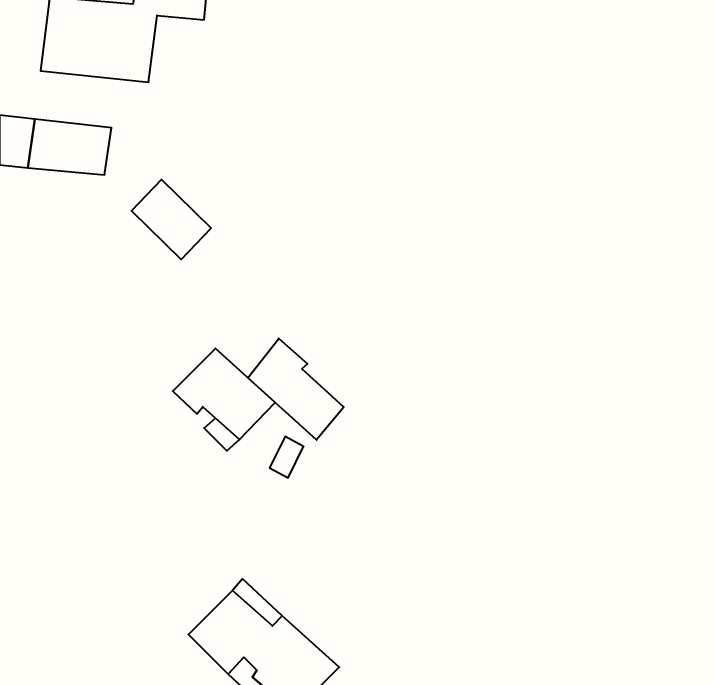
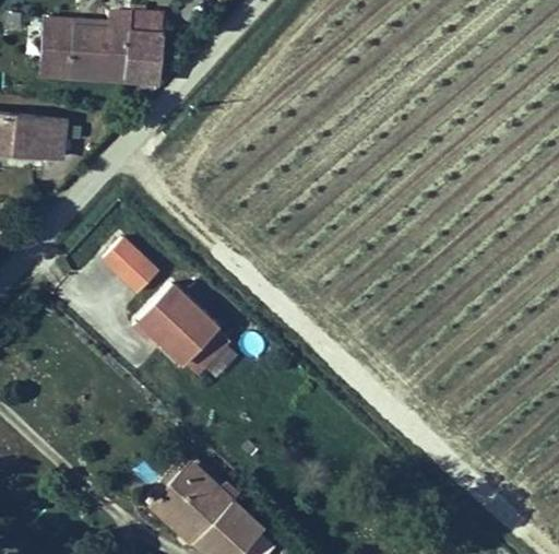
building: none -> [121,32,164,86]
building: [132,180,211,259] -> [104,240,165,302]
building: [248,338,344,440] -> none

